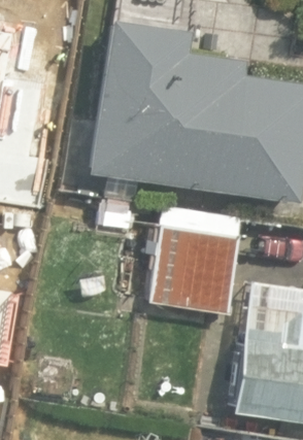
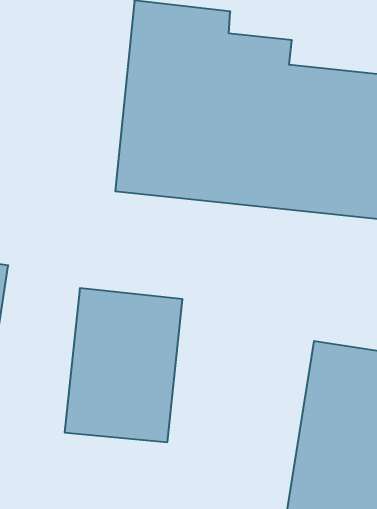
building: [149,198,238,313] -> [65,288,183,442]

